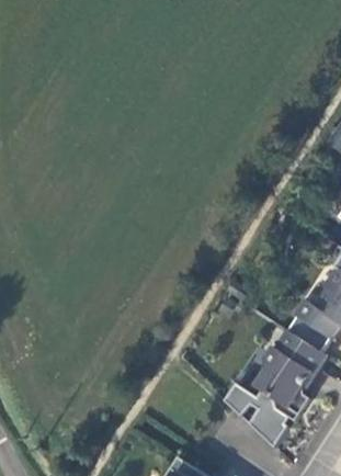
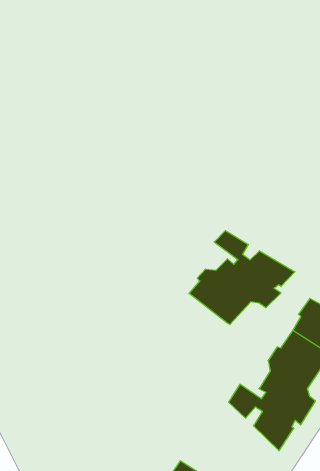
building: none -> [189,231,295,325]

